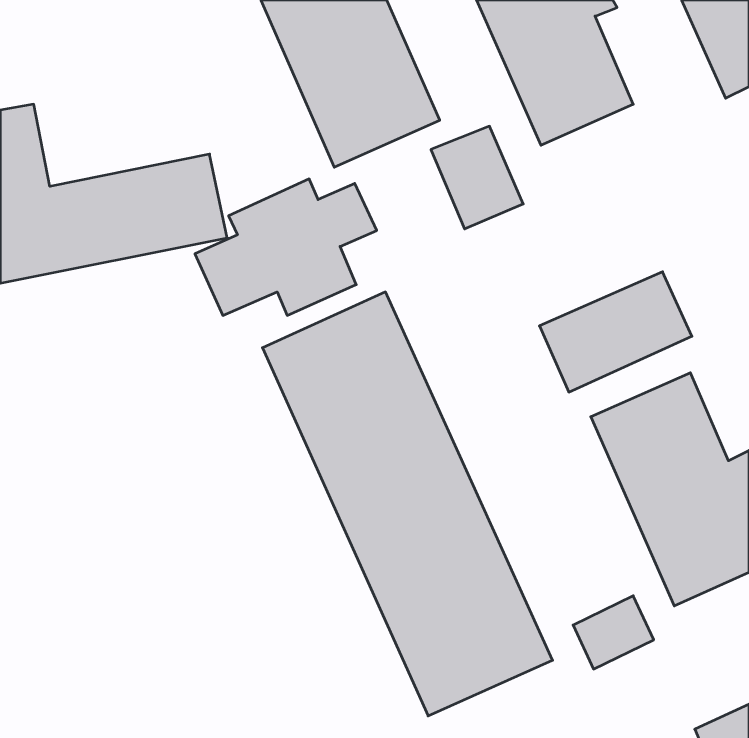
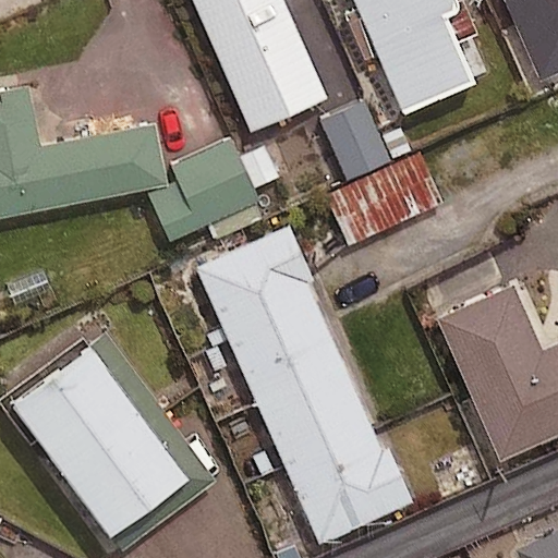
building: [539,272,692,392] -> [326,156,439,245]
building: none -> [11,337,187,525]

